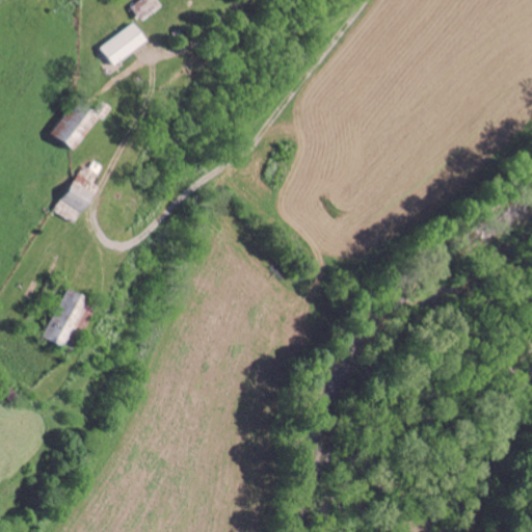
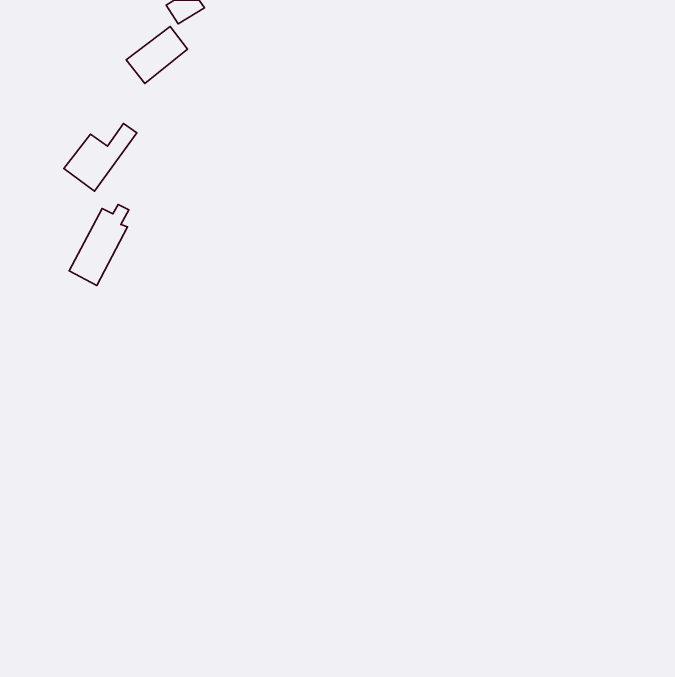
building: [41,289,91,346] -> none

